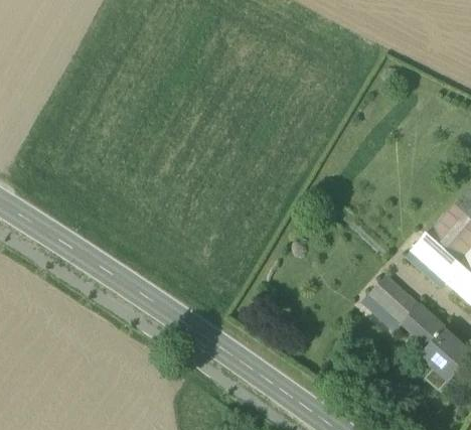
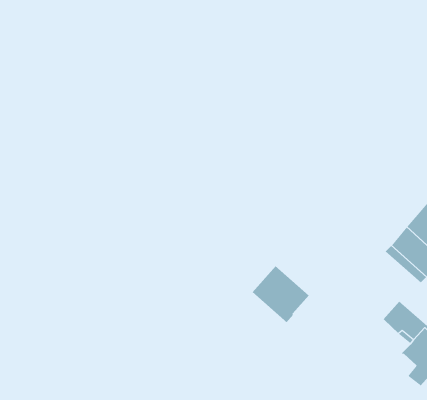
building: [364,276,421,332] -> [252,266,309,323]

